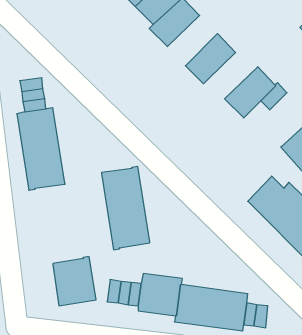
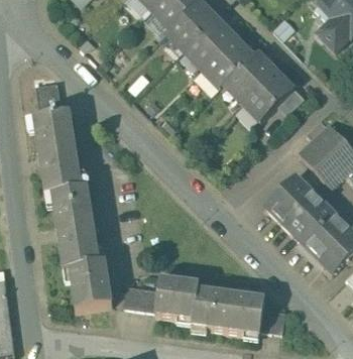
building: none -> [184,19,234,70]
building: none -> [224,52,274,103]
building: [102,166,150,250] -> [50,187,99,270]

